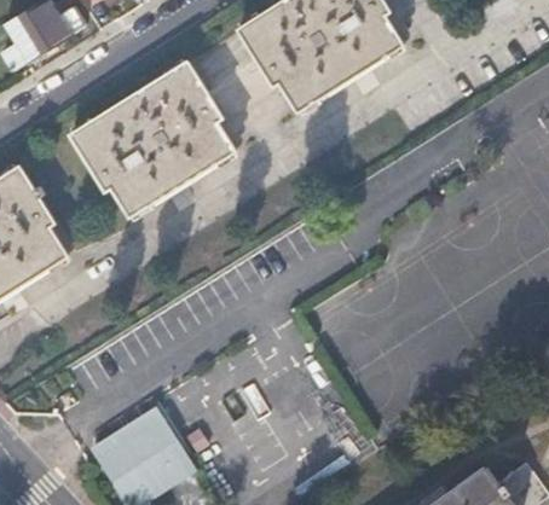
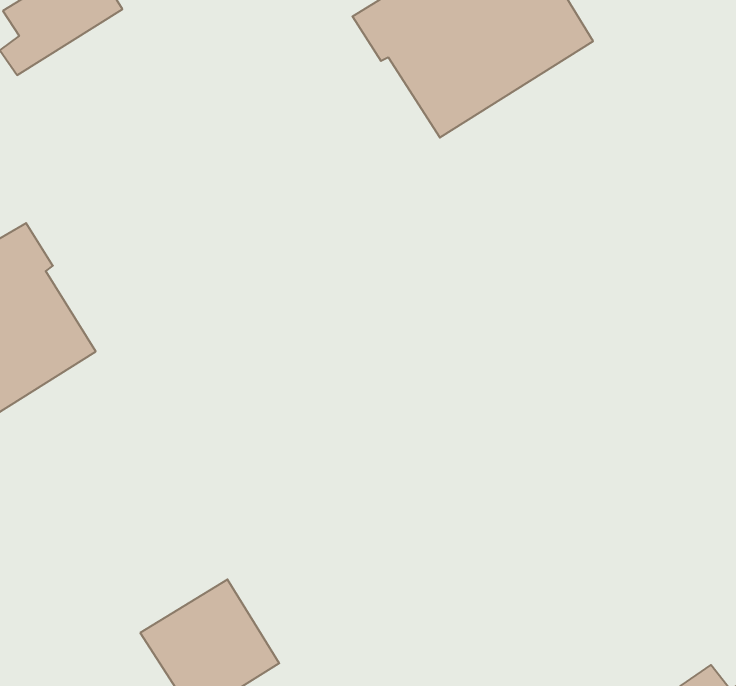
building: [71,59,236,215] -> none

